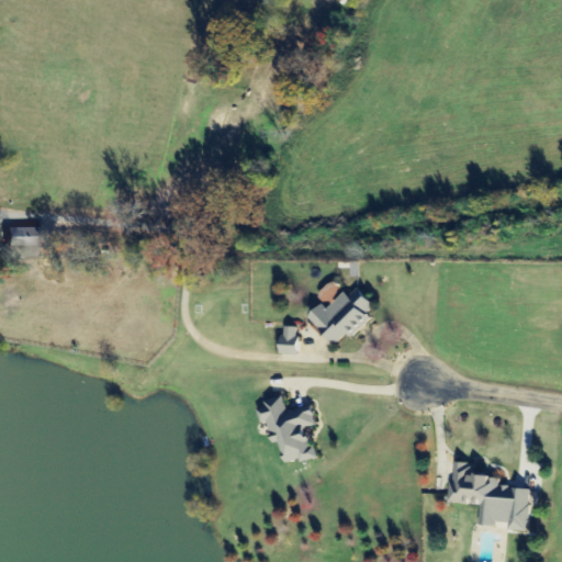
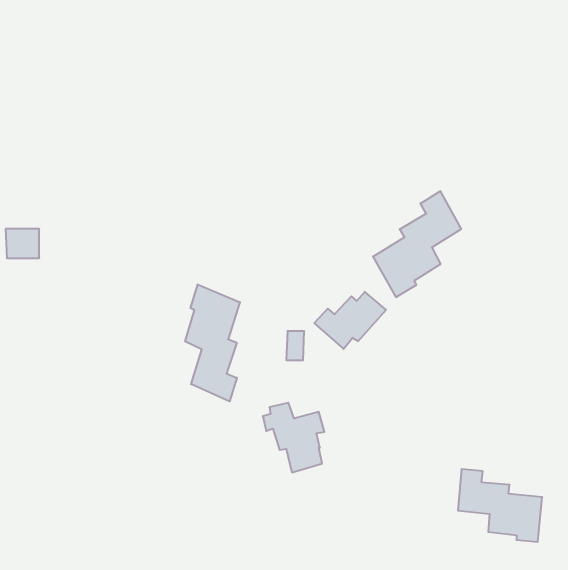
building: none -> [373,191,461,297]
building: none -> [185,284,240,401]

